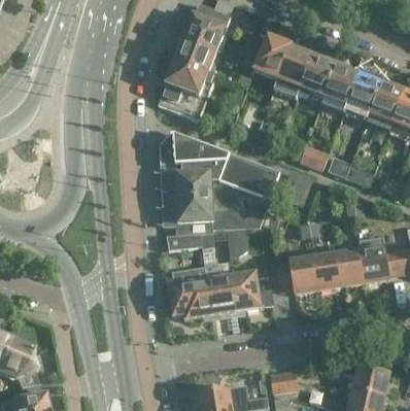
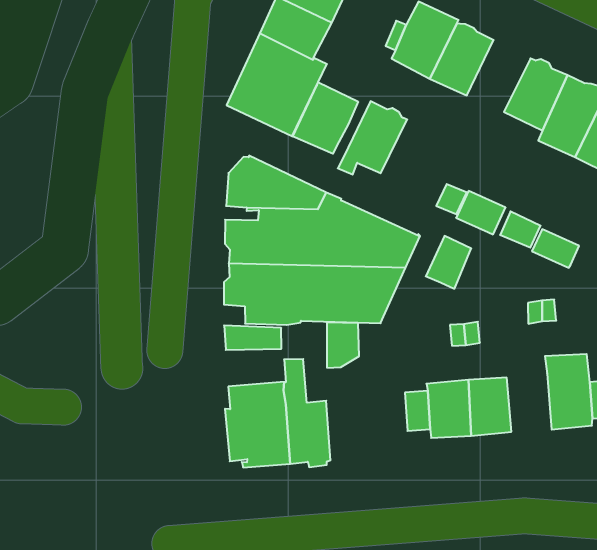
building: [297,54,336,98] -> [338,101,407,175]
building: none -> [293,82,358,154]
building: [336,249,365,285] -> none
building: [230,271,271,310] -> none

